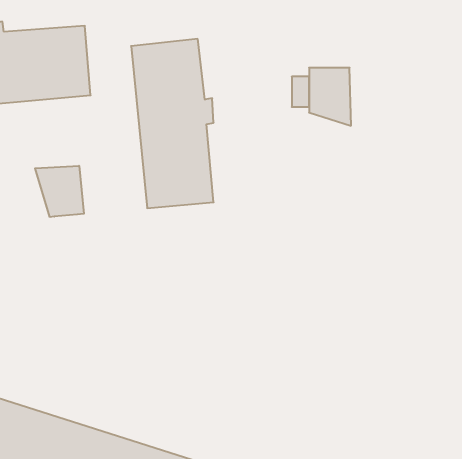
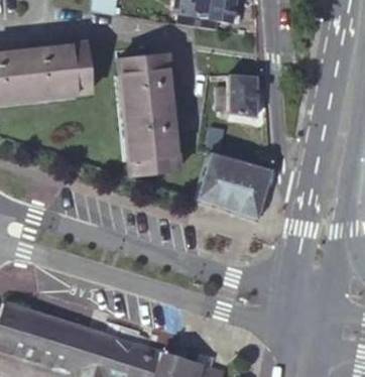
building: [35,166,84,217] -> none
building: none -> [209,153,282,223]

